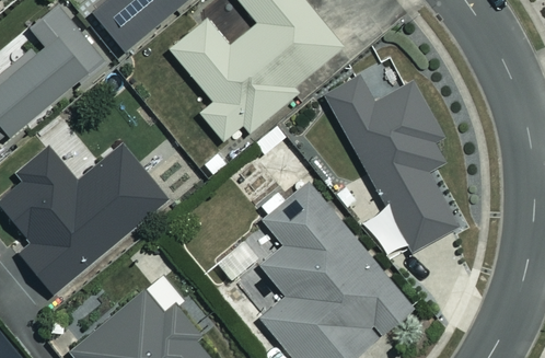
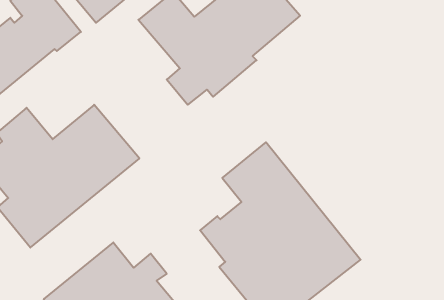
building: [321,72,462,251] -> none

